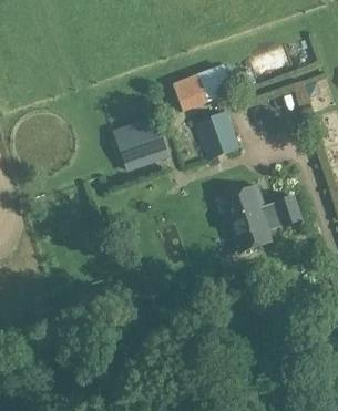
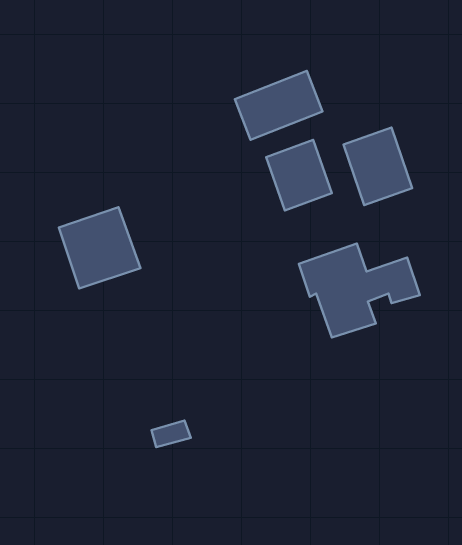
building: none -> [343,128,412,205]
building: [113,114,171,172] -> [59,207,140,289]

